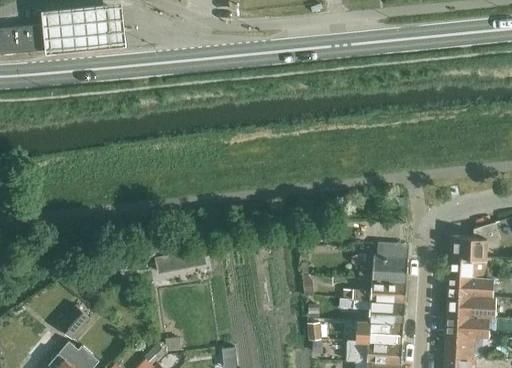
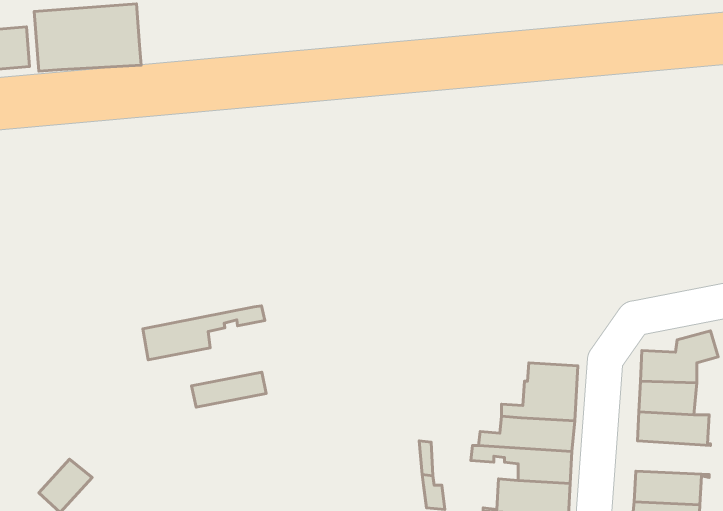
building: none -> [143,306,265,360]
building: [446,295,495,317] -> none

